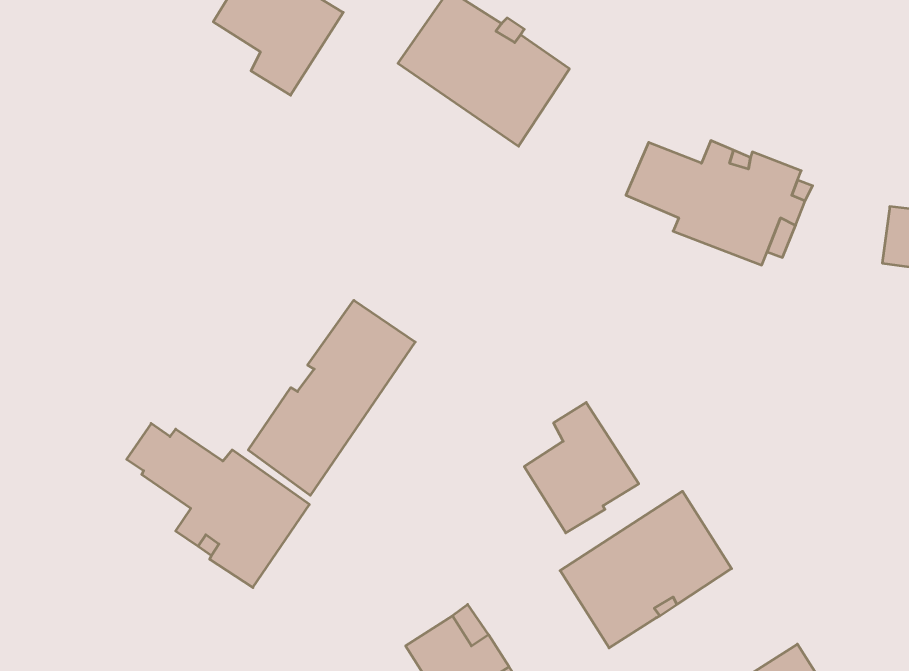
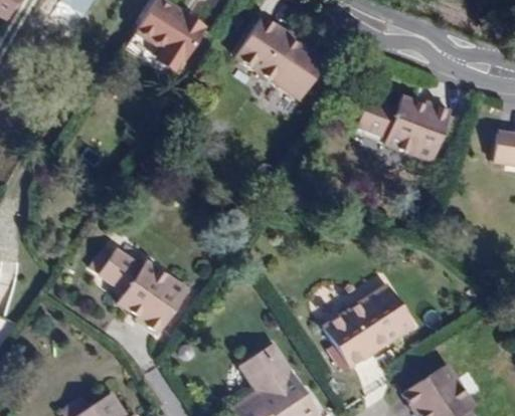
building: [248,300,415,495] -> none
building: [524,402,639,533] -> none

